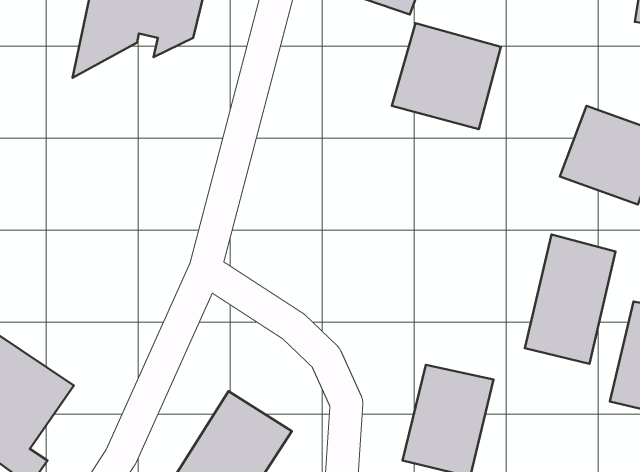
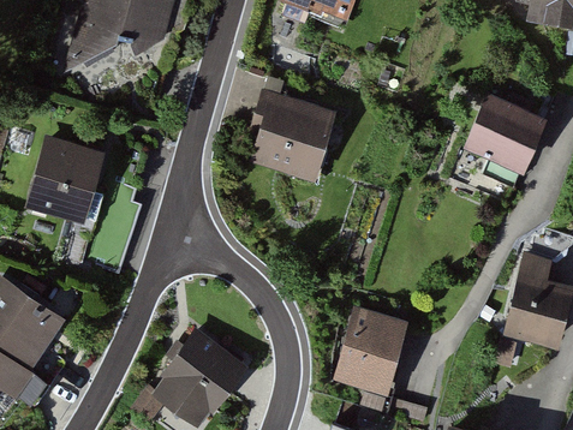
building: [392,23,501,129] -> [246,95,335,181]
building: none -> [24,136,100,227]
building: [525,234,615,364] -> none

